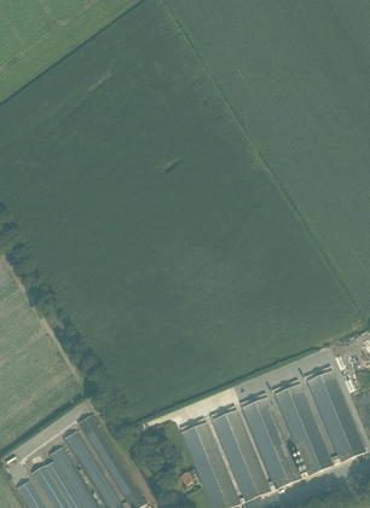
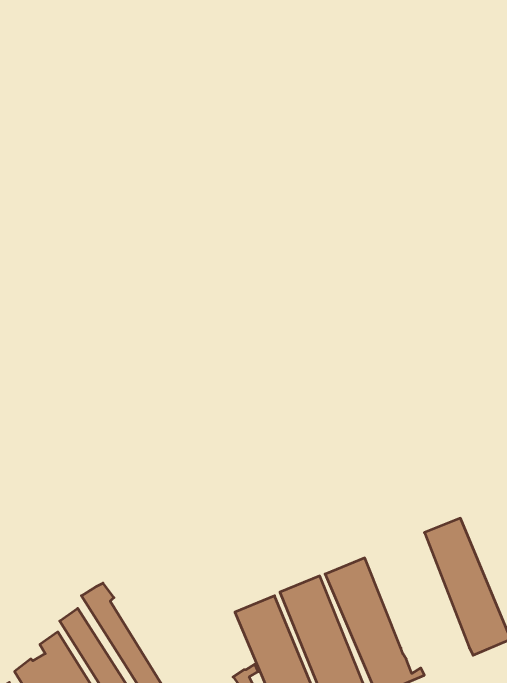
building: [273,383,340,475] -> none

